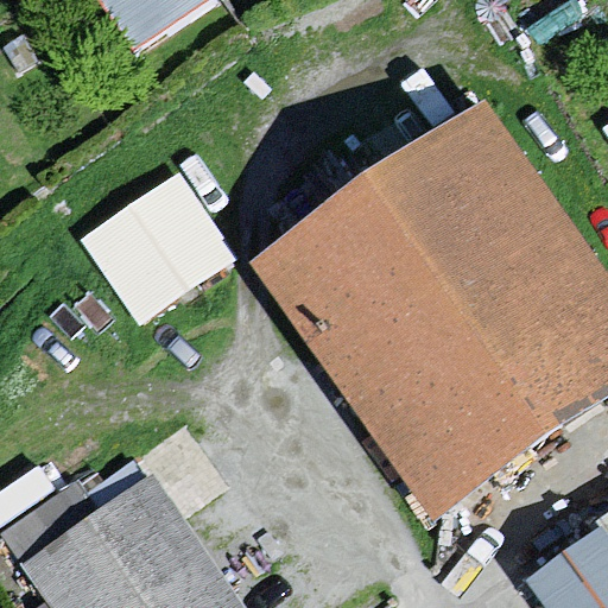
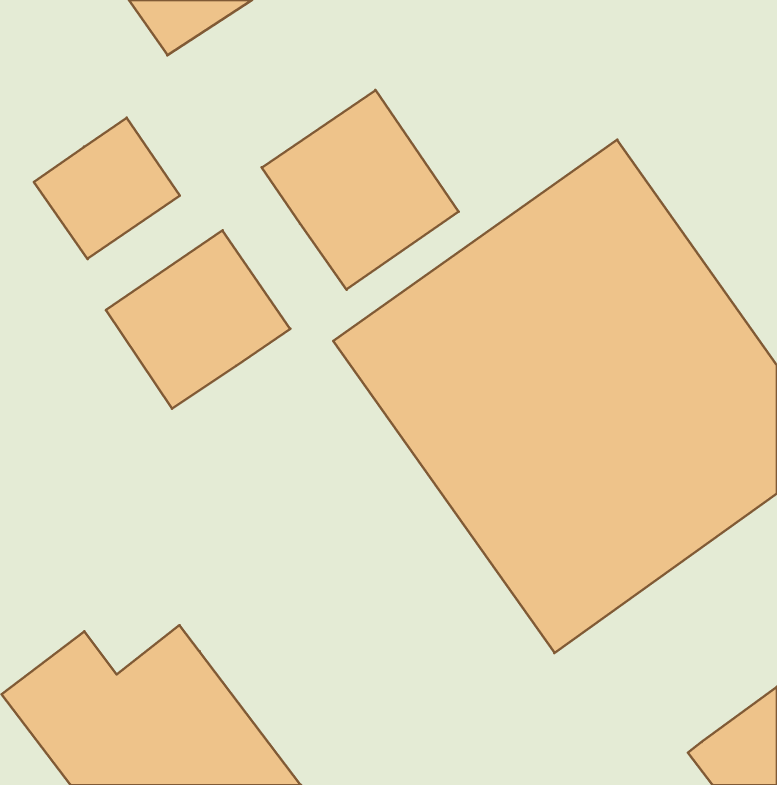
building: none -> [262,90,459,290]
building: none -> [34,118,180,259]

